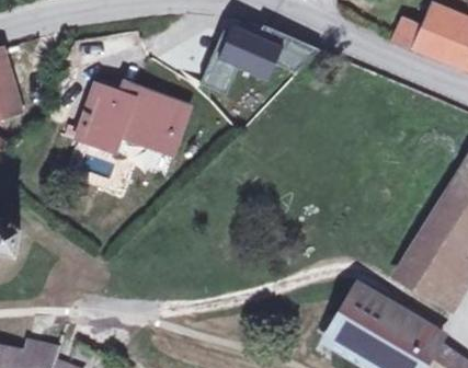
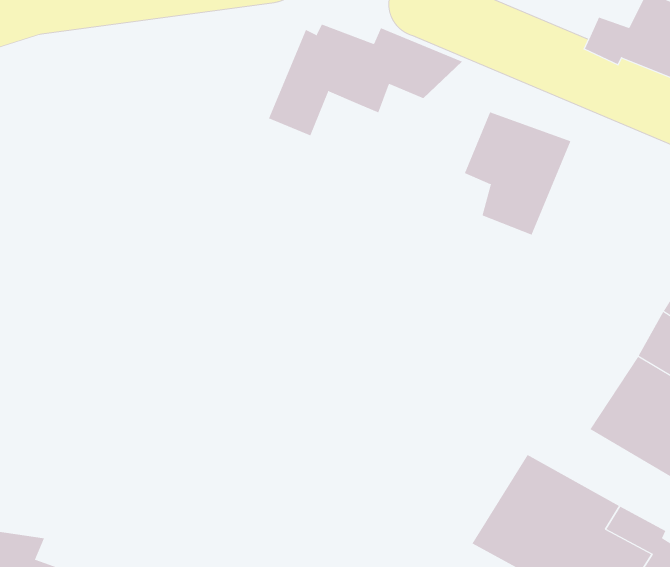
building: none -> [464,112,571,235]
building: [79,89,185,153] -> none

